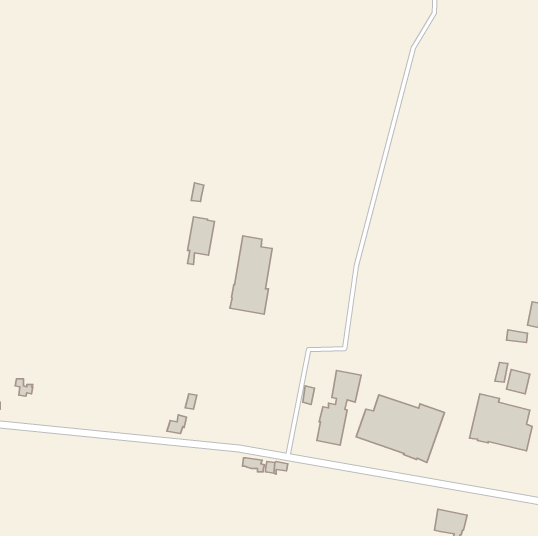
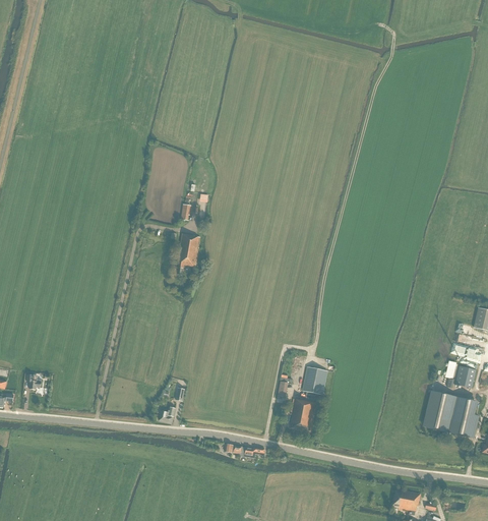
building: [230,236,272,314] -> none
building: [356,395,444,463] -> none

